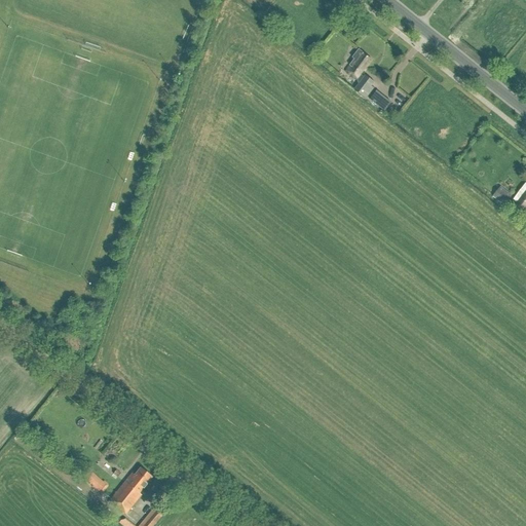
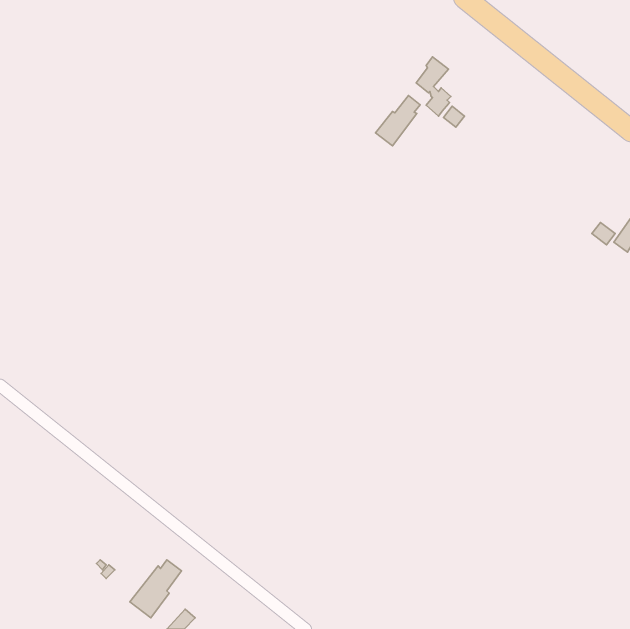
building: none -> [376,95,420,146]

